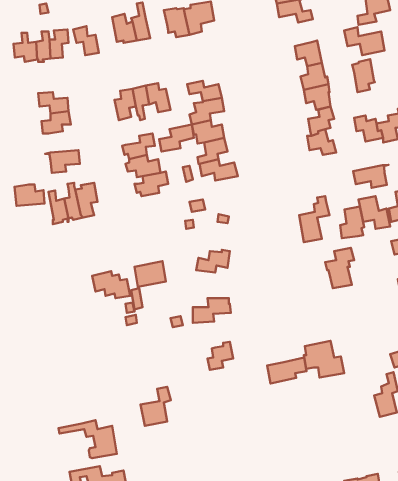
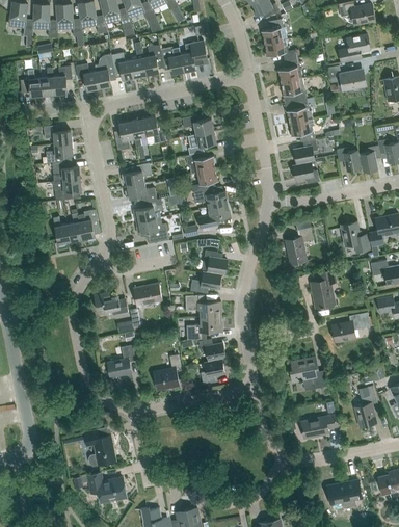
building: none -> [142,46,163,76]
building: none -> [94,54,116,89]
building: none -> [277,58,301,83]
building: [352,59,375,92] -> none
building: [159,125,194,151] -> [197,204,230,229]
building: [353,165,388,188] -> none
building: [14,185,45,206] -> [52,162,80,182]
building: none -> [135,218,168,244]
building: [340,206,364,238] -> none
building: none -> [202,251,227,274]
building: none -> [184,295,220,317]
building: none -> [331,313,369,342]
building: none -> [197,339,224,363]
building: none -> [106,345,135,378]
building: [267,358,306,383] -> [300,415,337,439]
building: [140,387,171,426] -> [153,354,181,391]

